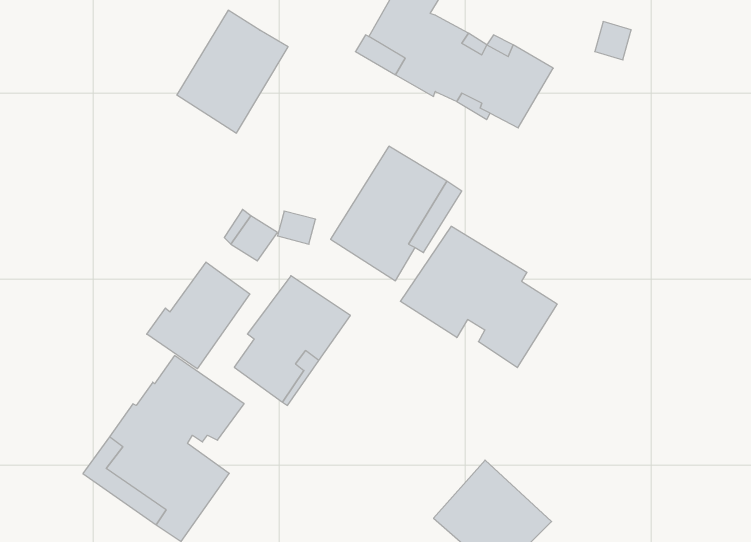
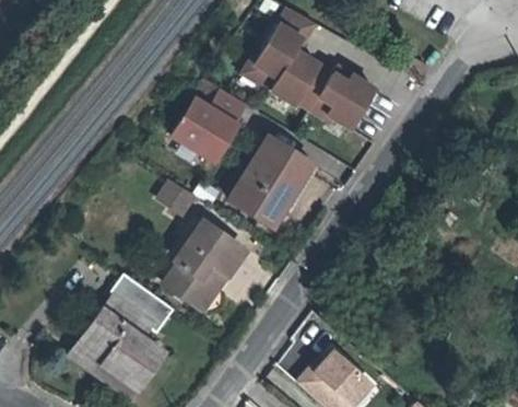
building: [177,10,288,133] -> [175,80,248,161]
building: [400,226,557,368] -> none
building: [147,262,250,369] -> none

